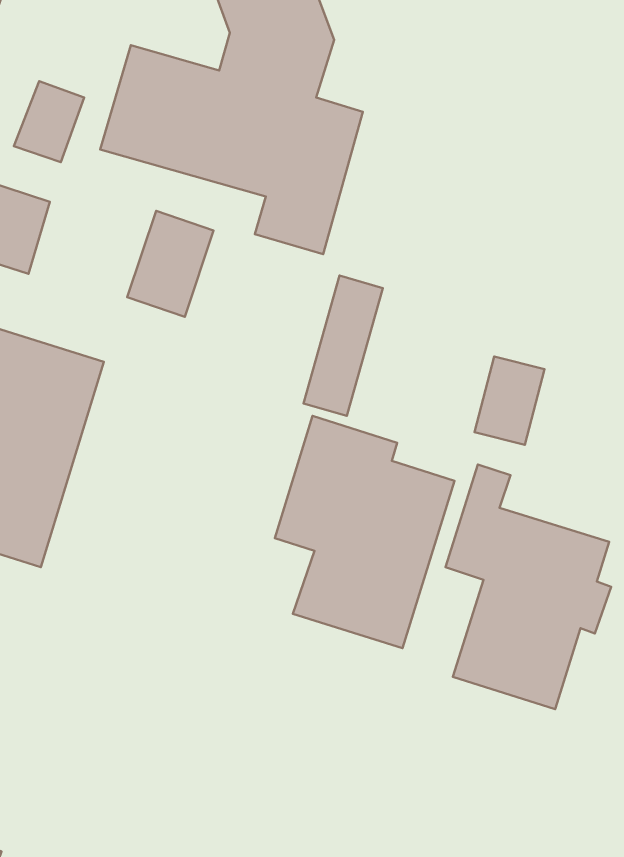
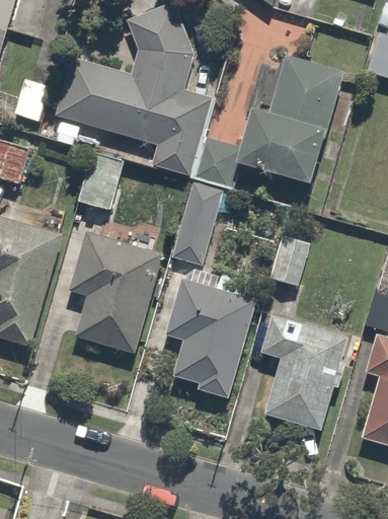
building: none -> [230,53,344,183]
building: none -> [66,228,164,358]

